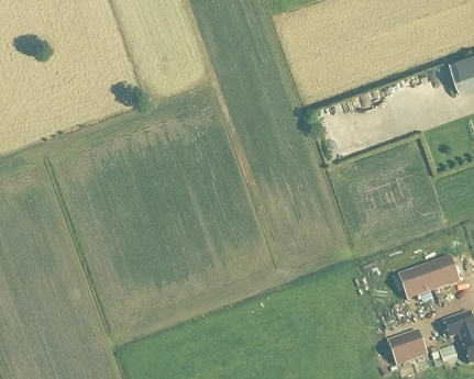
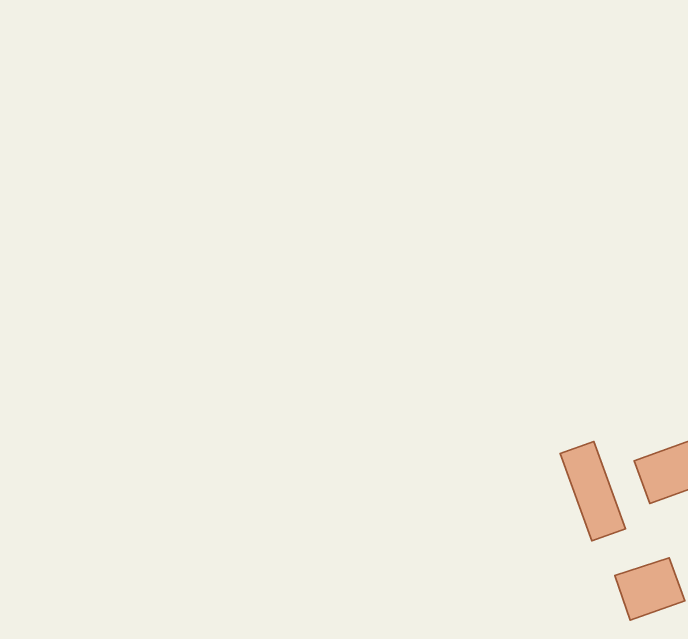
building: none -> [560,441,625,541]

